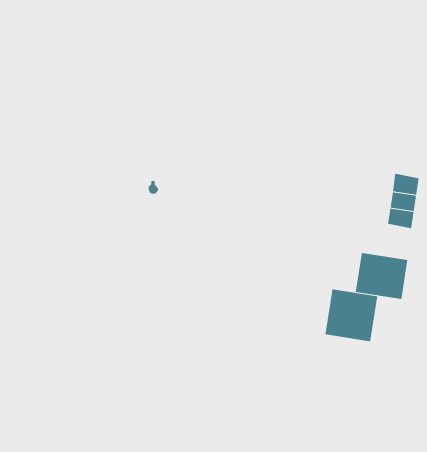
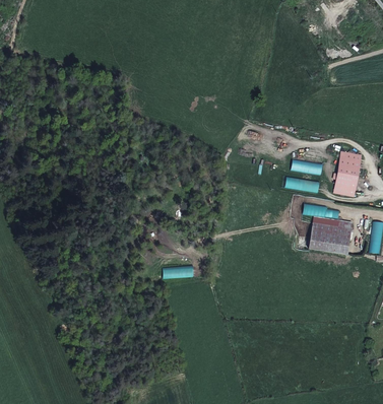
building: [325,288,378,342] -> none

